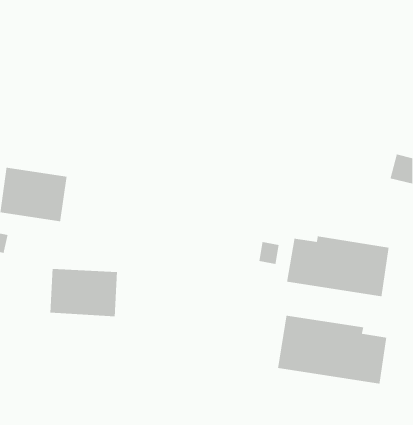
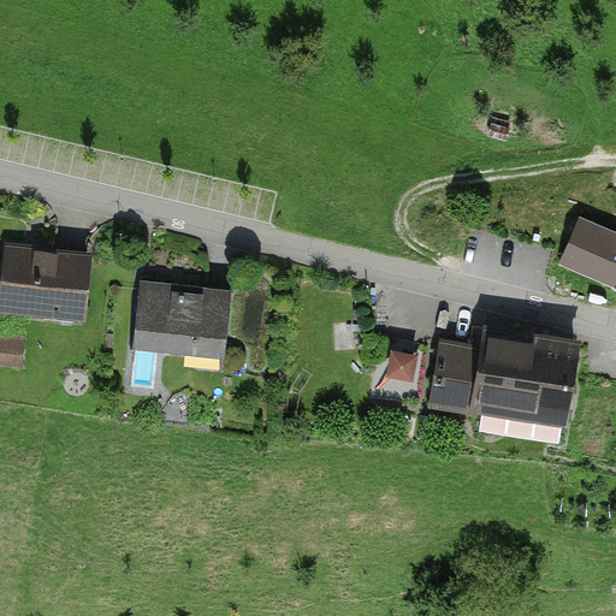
building: [49,268,118,317] -> [136,283,235,354]
building: [277,315,387,385] -> none

